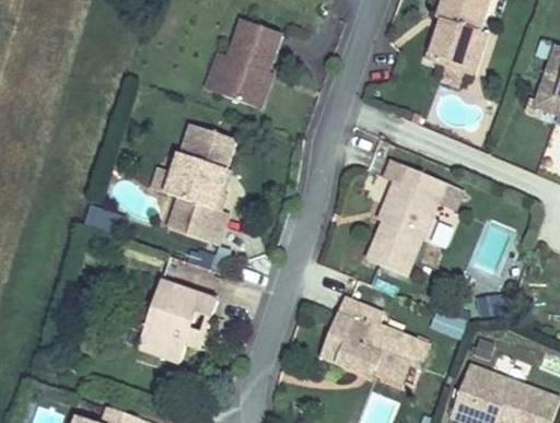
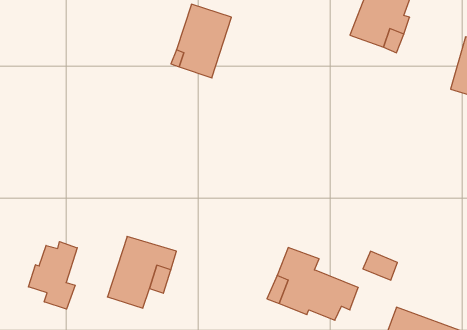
building: [166,129,242,251] -> none
building: [362,168,442,272] -> none
building: none -> [28,242,77,309]

